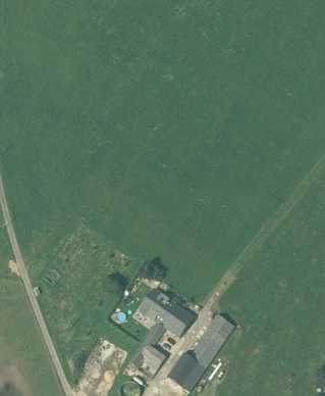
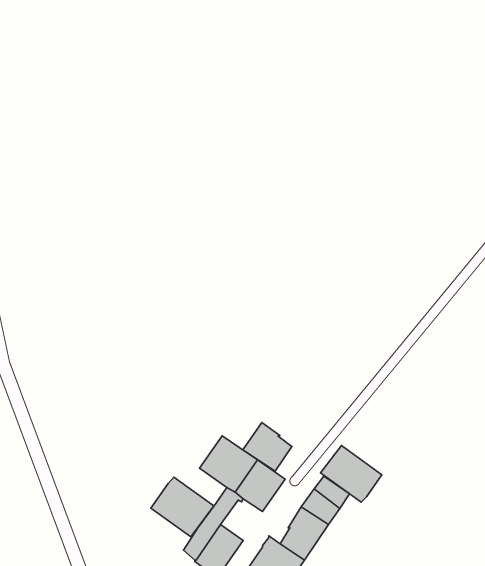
building: none -> [243,422,292,471]
building: none -> [321,445,382,502]
building: none -> [151,477,214,537]

